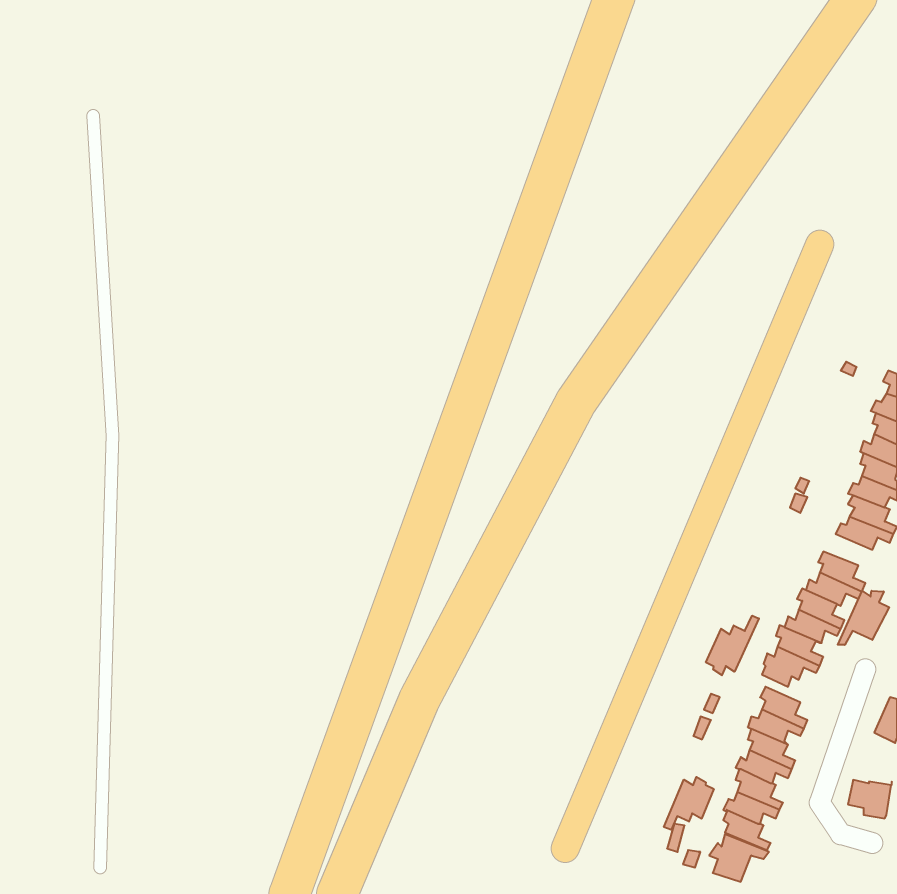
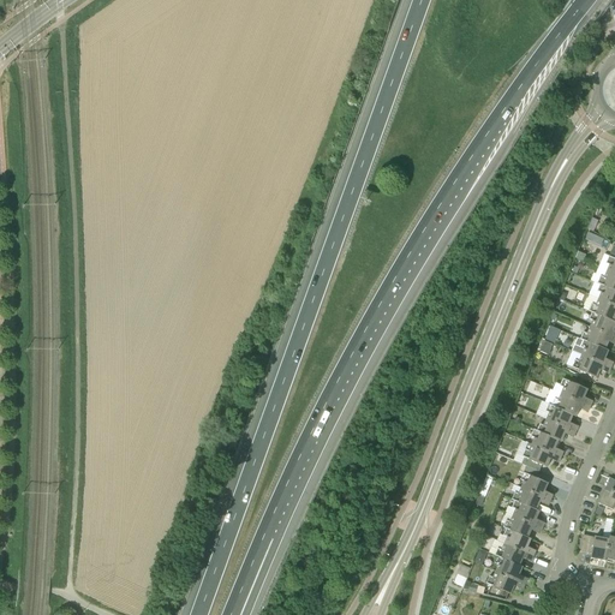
building: [838,591,889,645] -> none
building: [706,616,759,675] -> none
building: [664,777,714,830] -> none

